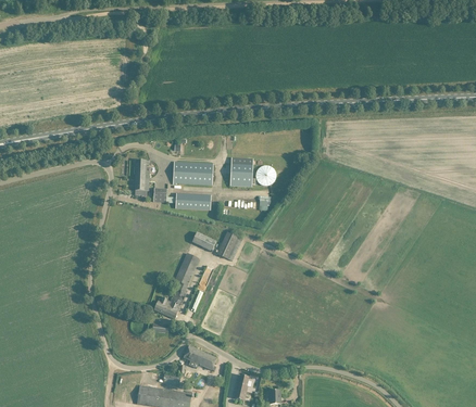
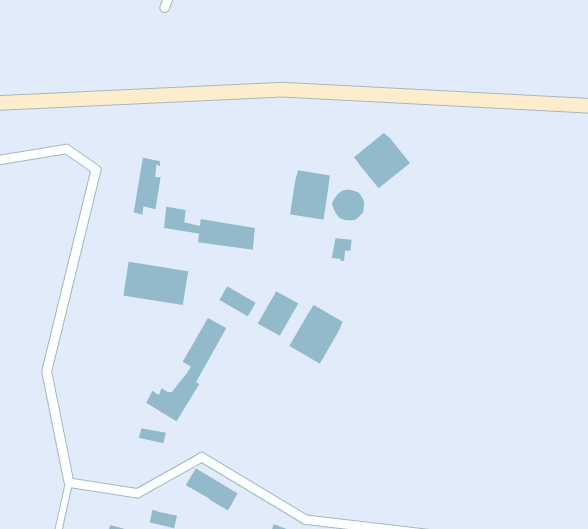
building: none -> [353,132,411,190]
building: [174,162,213,186] -> [122,261,189,306]
building: none -> [288,304,344,365]

